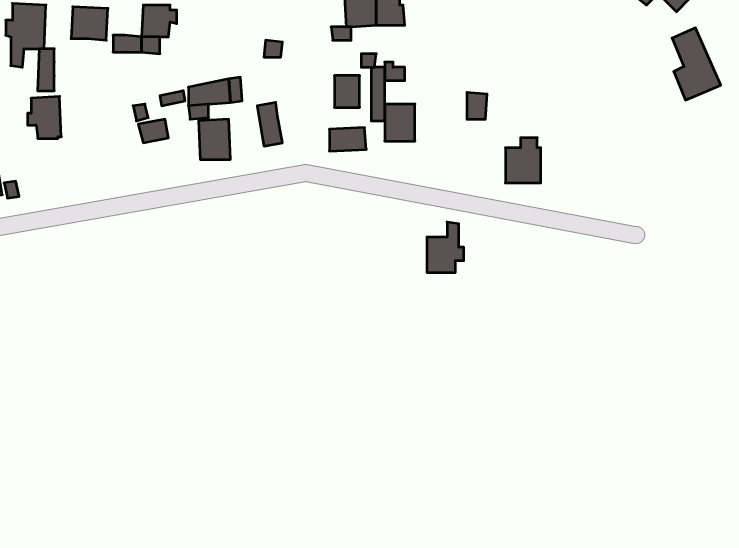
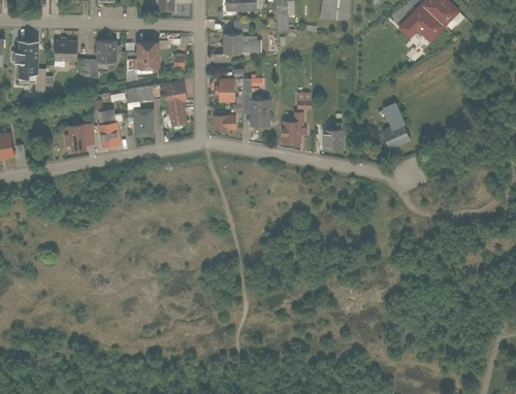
building: none -> [137,40,161,65]
building: [672,28,721,100] -> [382,104,412,149]
building: none -> [162,79,188,101]
building: [28,96,61,138] -> [64,125,85,151]
building: none -> [99,121,121,146]
building: [427,222,464,272] -> [282,111,304,142]

